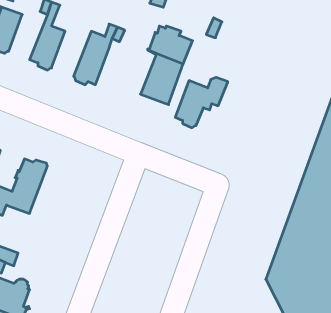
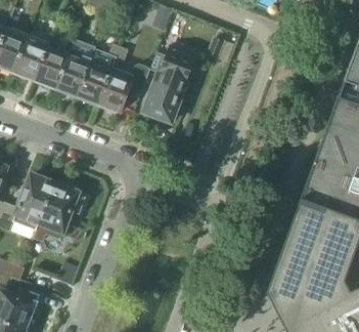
building: none -> [14,34,49,78]
building: none -> [56,39,96,94]
building: [175,77,228,128] -> [99,64,150,113]
building: none -> [35,182,85,233]

